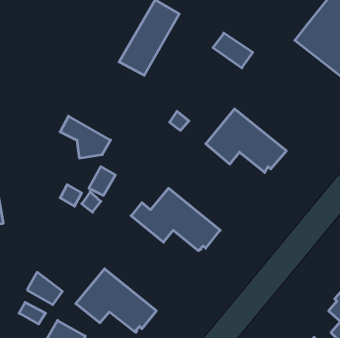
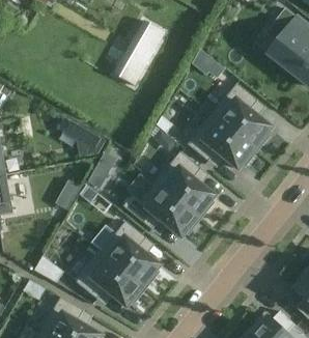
building: none -> [212,83,271,149]
building: none -> [154,150,214,218]
building: none -> [100,220,159,287]

